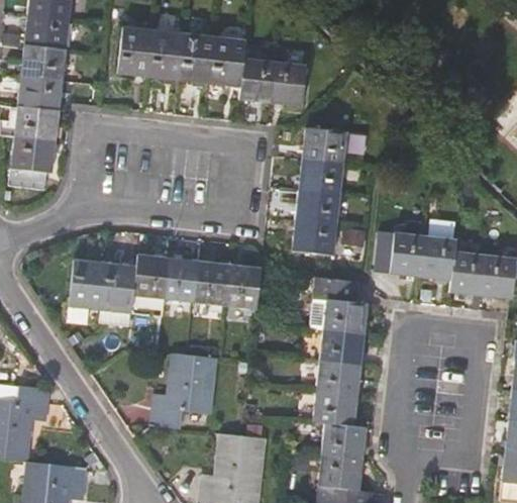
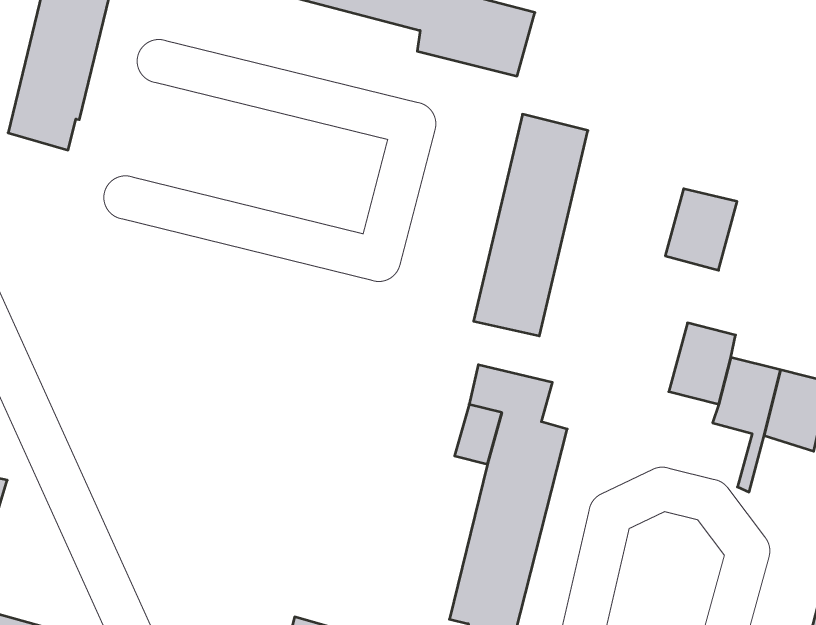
building: [383,231,419,275] -> [665,189,737,270]
building: [78,255,258,314] -> none
building: [147,349,214,427] -> none

